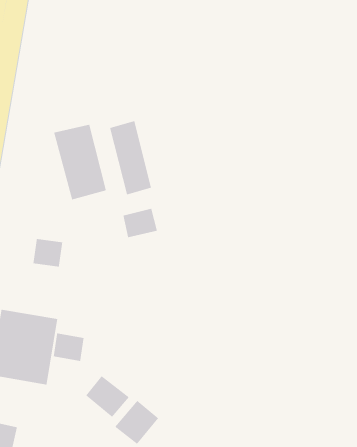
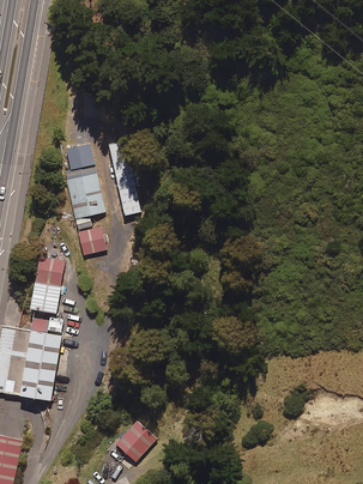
building: [123,208,158,238] -> [75,225,110,255]
building: [53,333,85,362] -> [29,284,60,313]
building: [85,375,130,418] -> none

